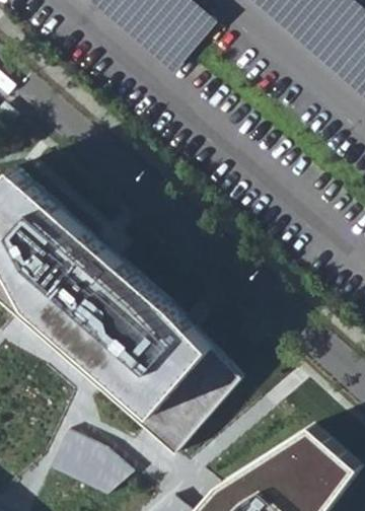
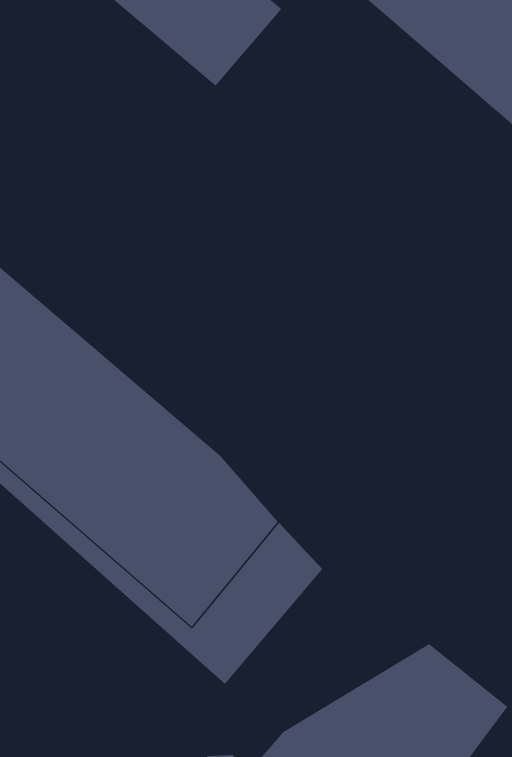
building: [55,430,137,494] -> none

